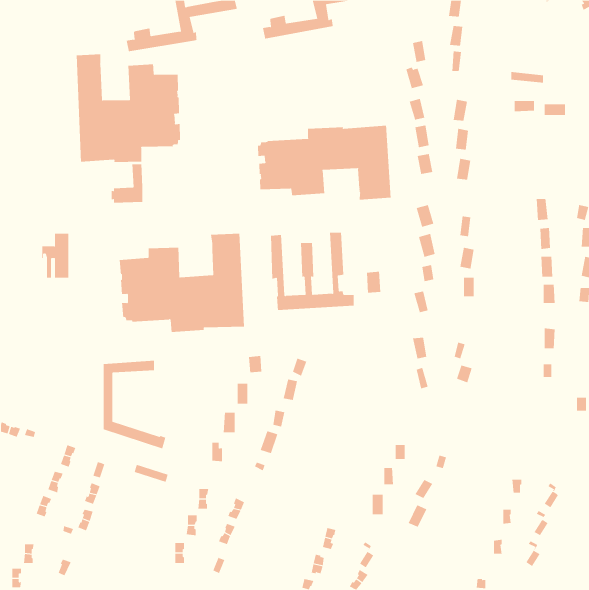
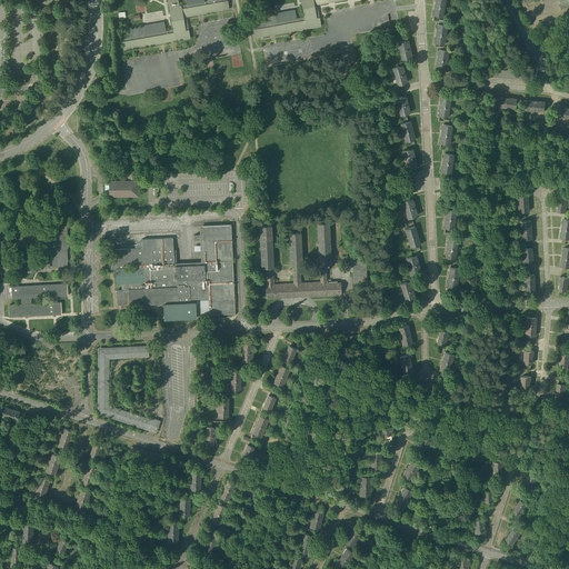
building: [76,53,181,163] -> none
building: [258,125,391,200] -> none
building: none -> [10,283,69,318]

